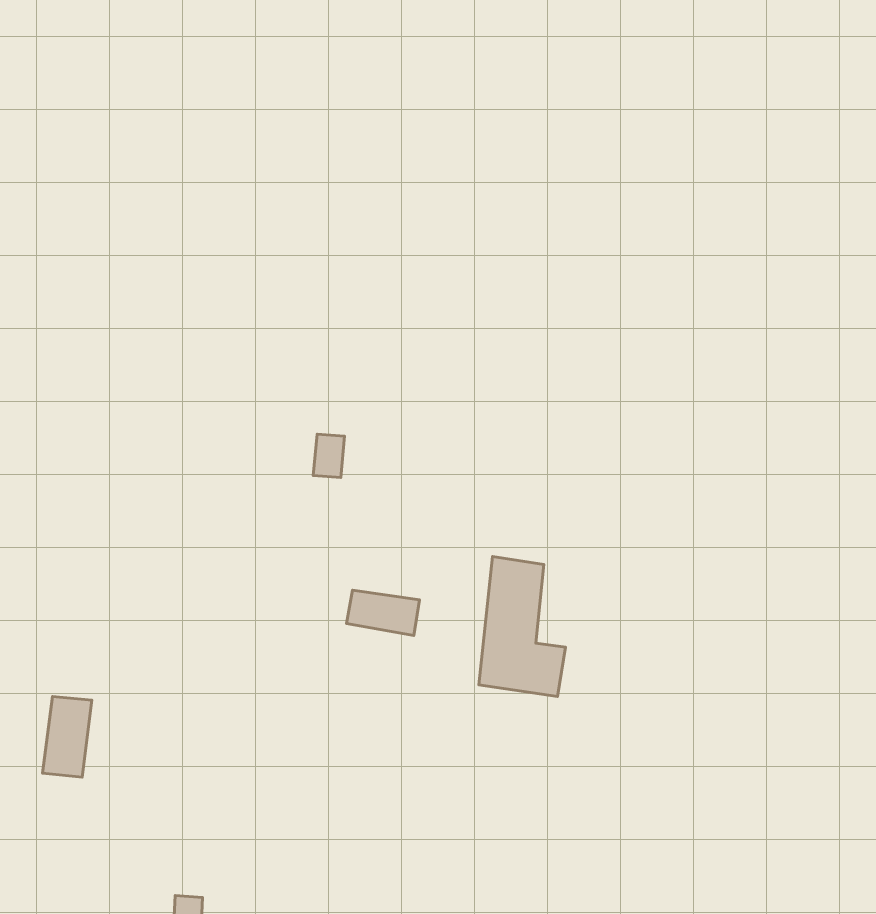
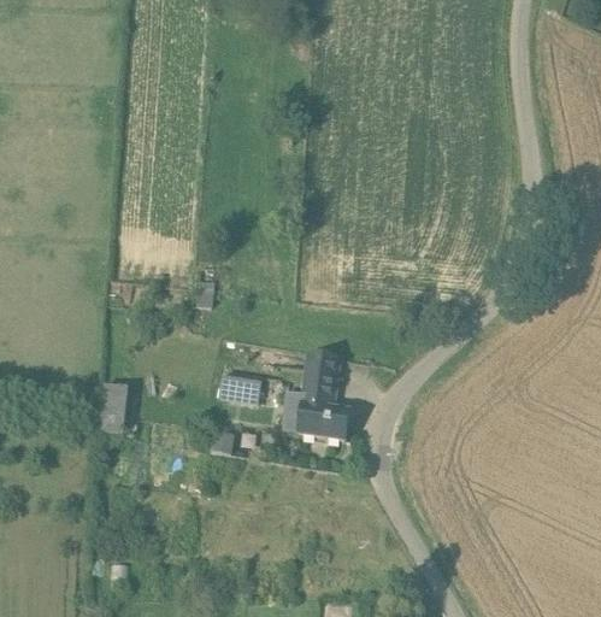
building: [43,696,92,777] -> [99,384,129,434]

